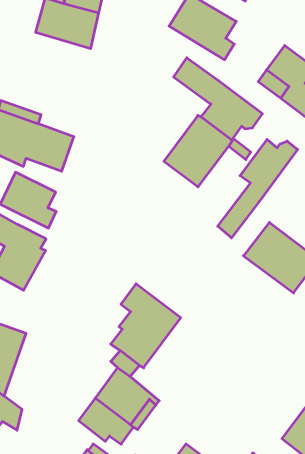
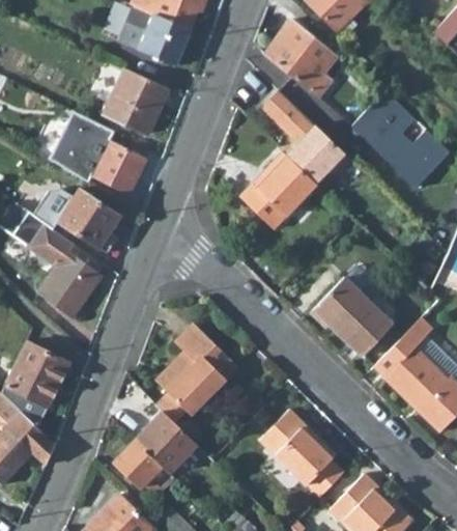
building: none -> [102,67,169,136]
building: [218,139,298,238] -> none
building: none -> [258,411,335,486]

